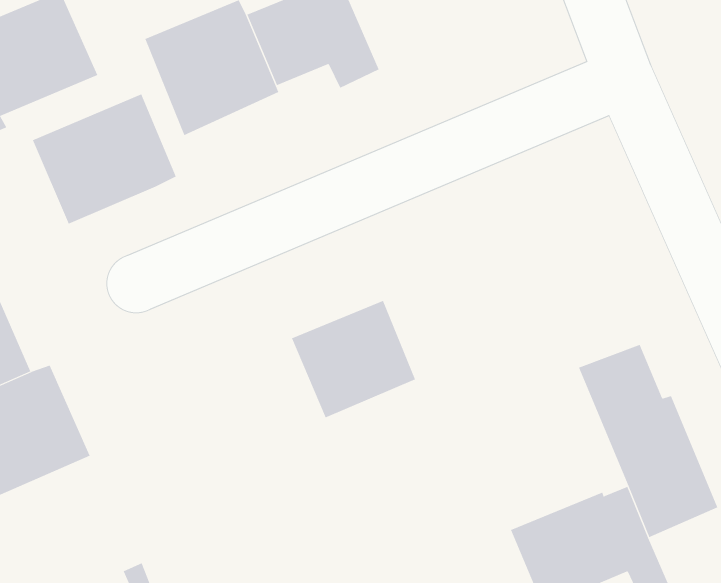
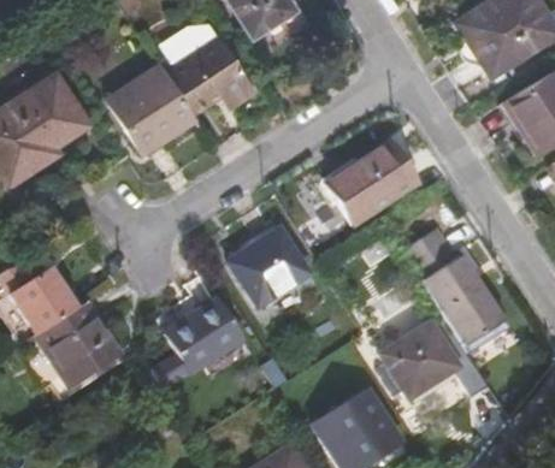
building: [32,93,176,224] -> none
building: none -> [327,143,418,225]
building: none -> [152,301,242,389]

